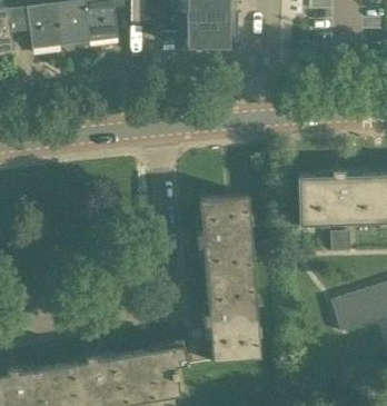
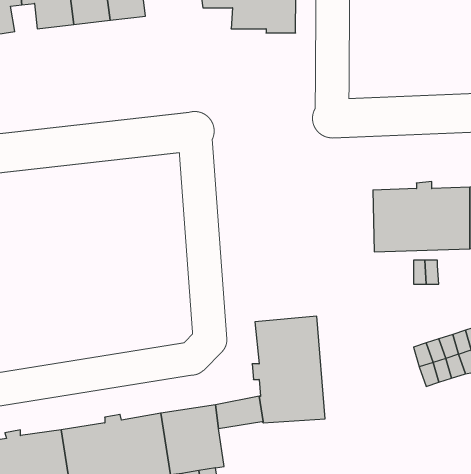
building: [197,195,254,280] -> none

